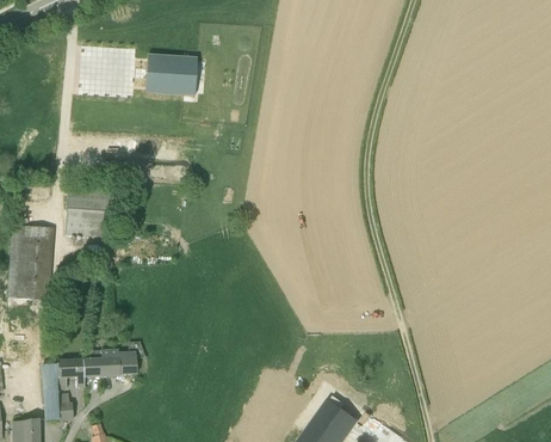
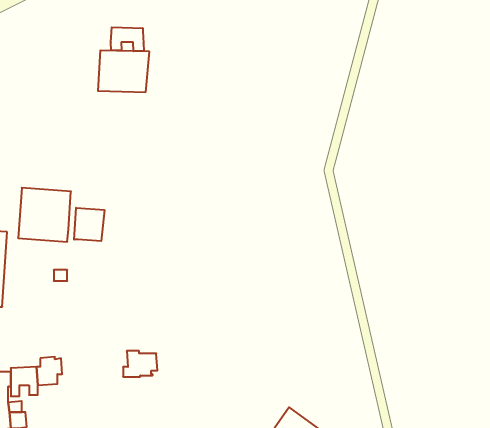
building: none -> [111,27,144,51]
building: none -> [74,208,104,241]
building: [104,351,137,376] -> [123,351,157,377]

